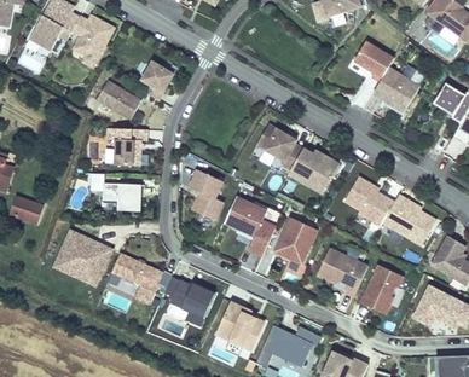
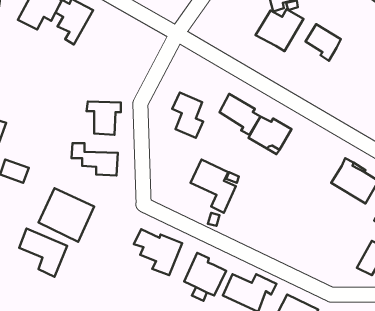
building: [143,58,174,97] -> none
building: [372,68,427,115] -> [255,9,304,51]
building: [97,81,141,118] -> none
building: [189,168,224,219] -> [172,93,203,138]
building: [346,176,395,225] -> none
building: [276,215,318,262] -> none
building: [318,246,367,295] -> none
building: [111,250,166,304] -> [19,229,67,277]
building: [361,263,403,313] -> none

